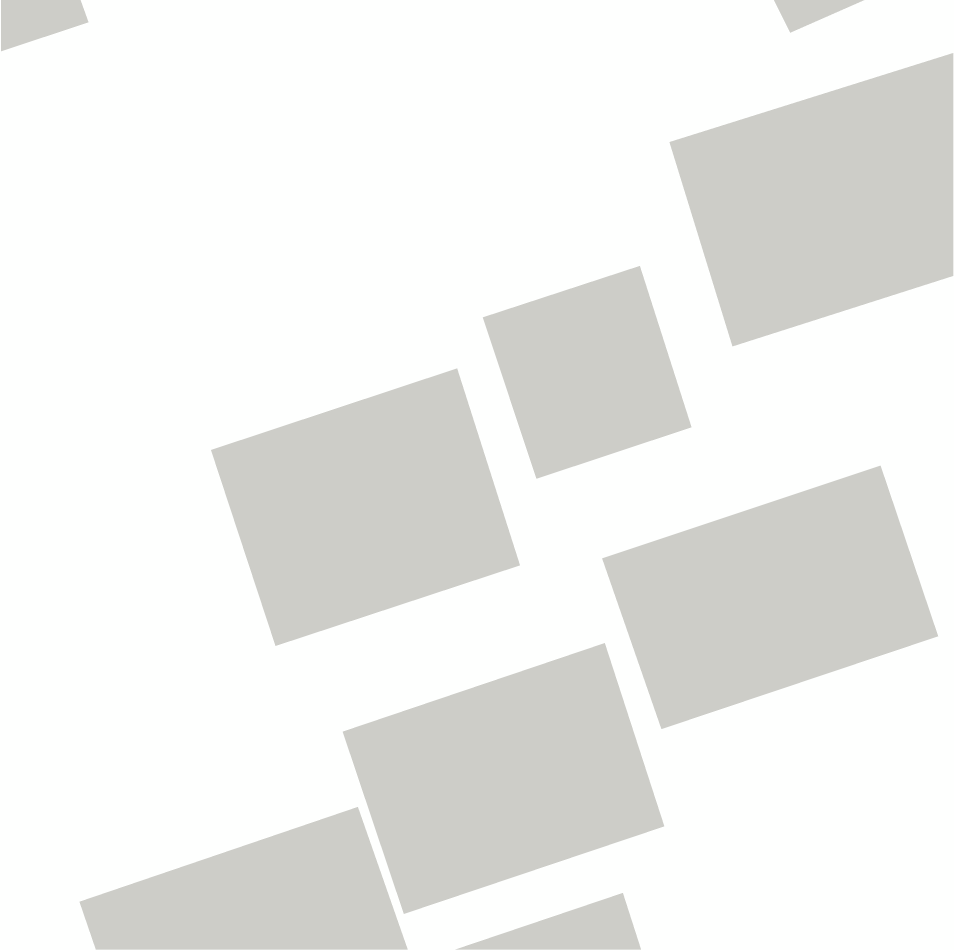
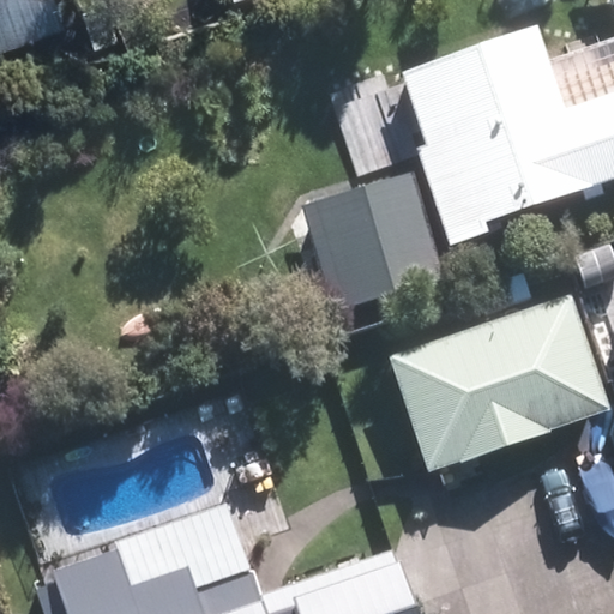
building: [210,367,521,647] -> none
building: [342,642,665,915] -> none

